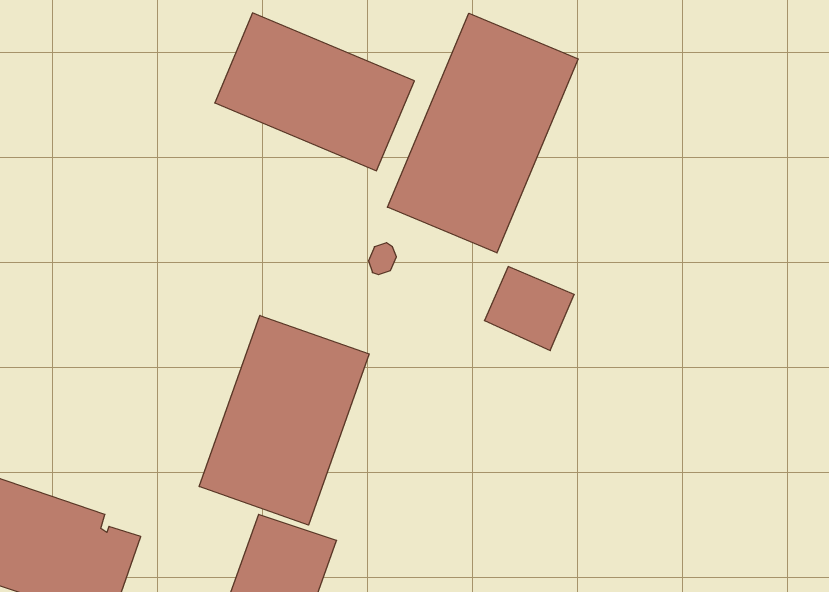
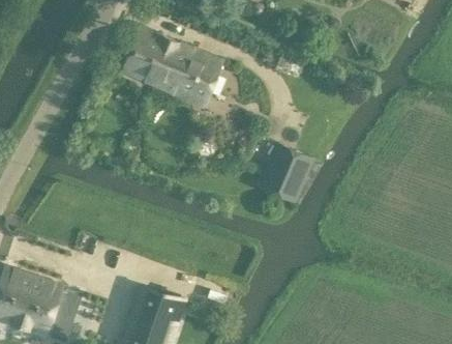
building: [387,13,578,253] -> none
building: [199,315,369,525] -> none

